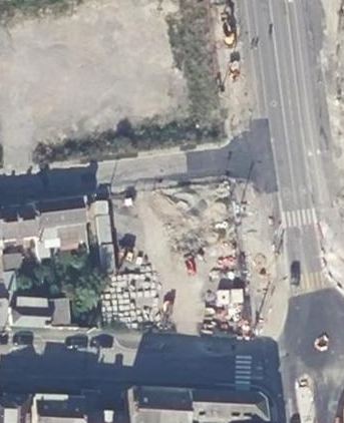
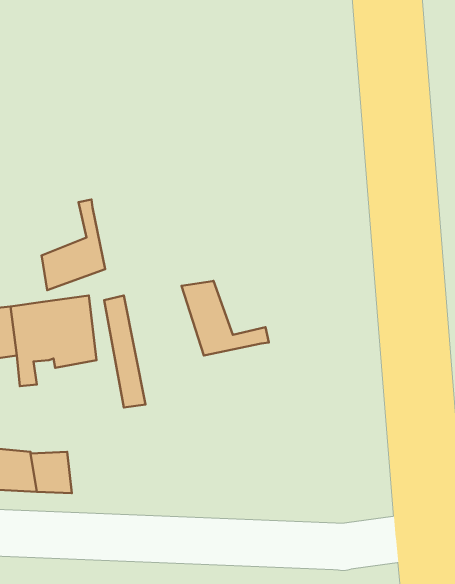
building: none -> [41,200,105,290]
building: none -> [181,281,269,355]

